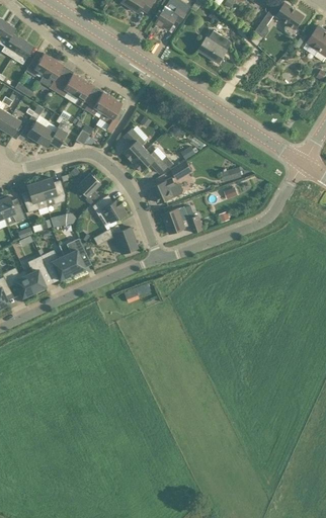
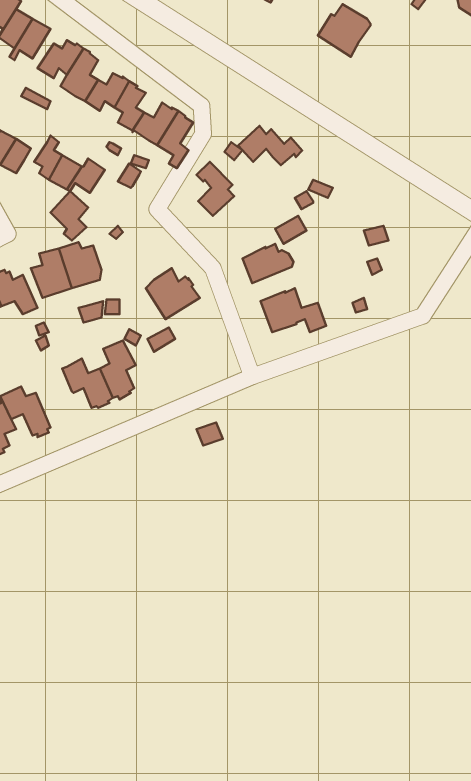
building: [134,149,173,173] -> [238,126,302,165]
building: [77,173,100,203] -> [51,191,88,240]
building: [113,227,137,253] -> none
building: [24,255,47,291] -> none

